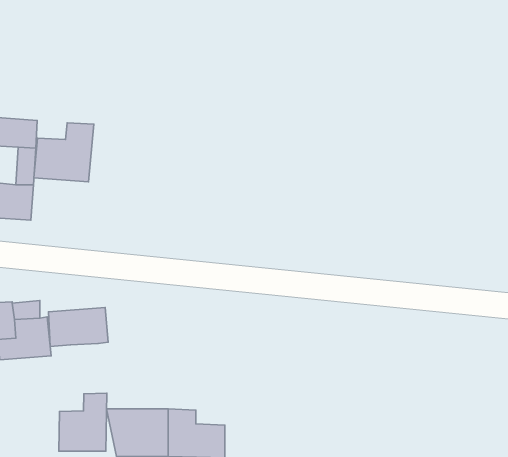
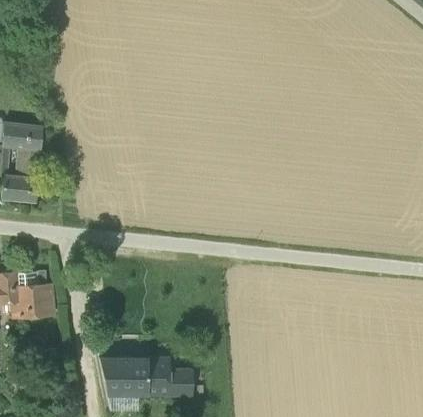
building: [34,123,94,182] -> none
building: [48,307,108,346] -> none
building: [59,393,107,451] -> none

